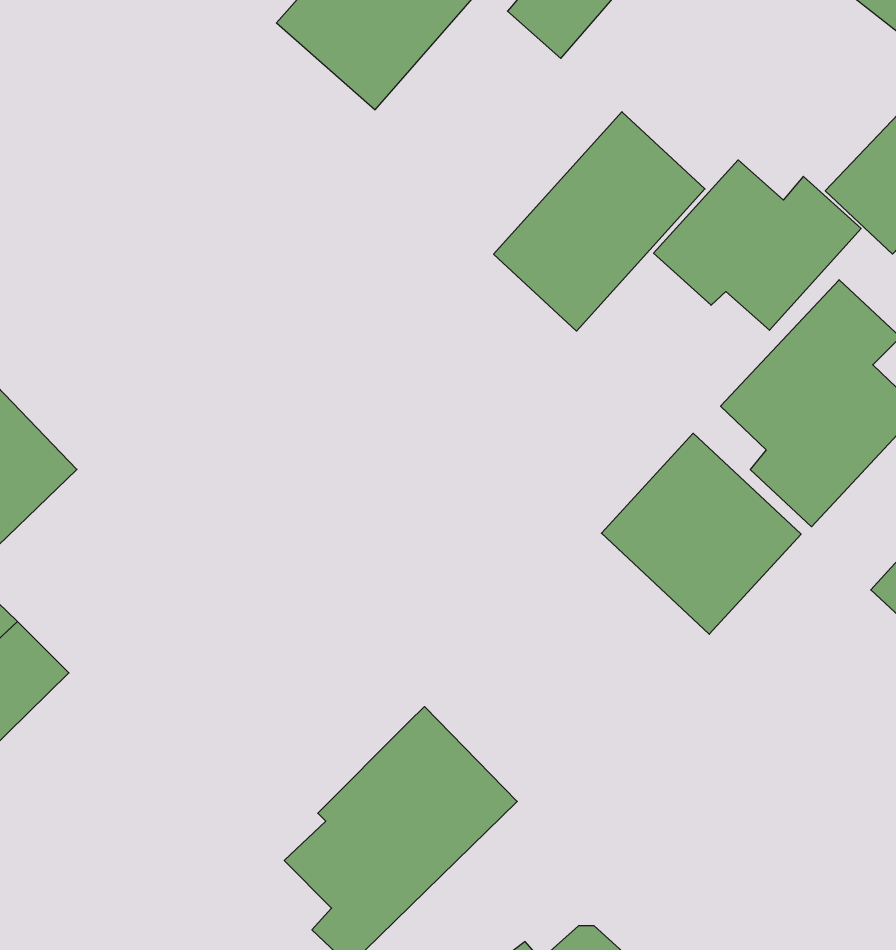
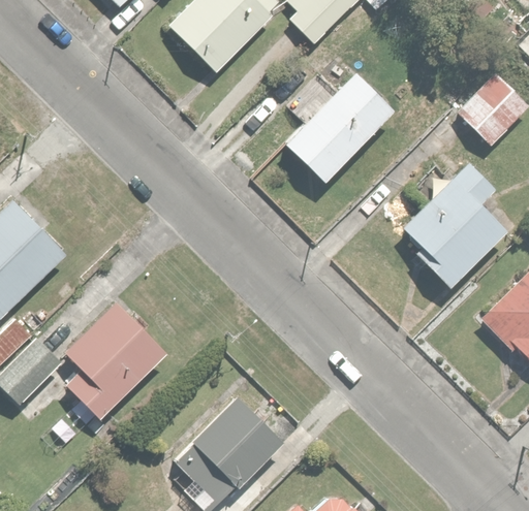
building: [654,160,861,330] -> none
building: [601,433,801,634] -> none
building: none -> [64,301,169,419]

